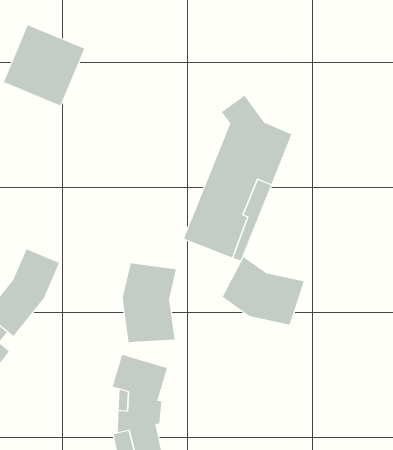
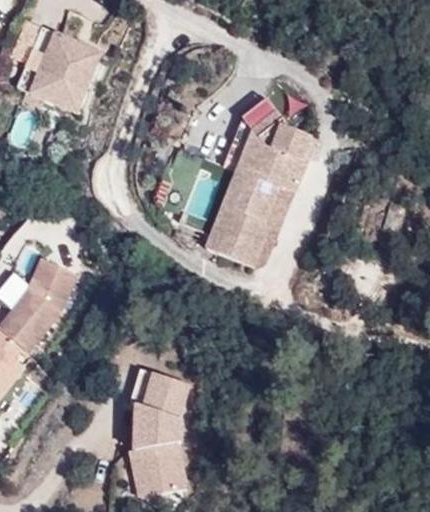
building: [222,256,304,325] -> none
building: [122,263,176,343] -> none

